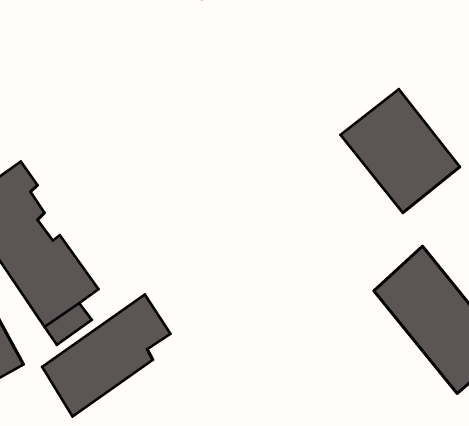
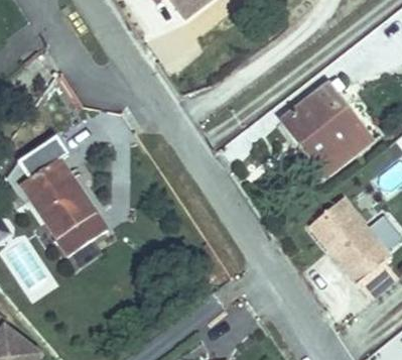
building: [42,295,171,416] -> none

